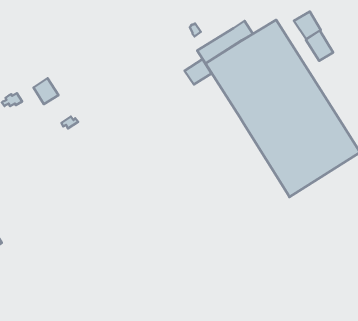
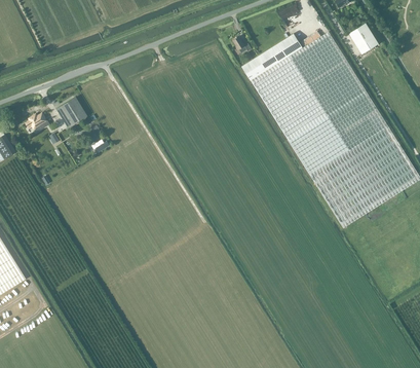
building: [306,31,333,61] -> none
building: [184,59,211,84] -> none

